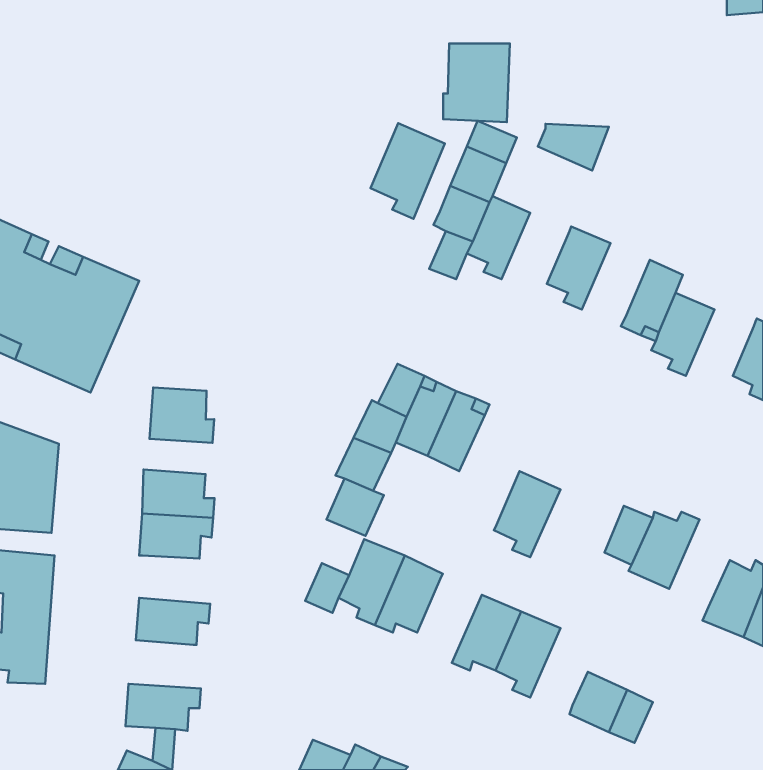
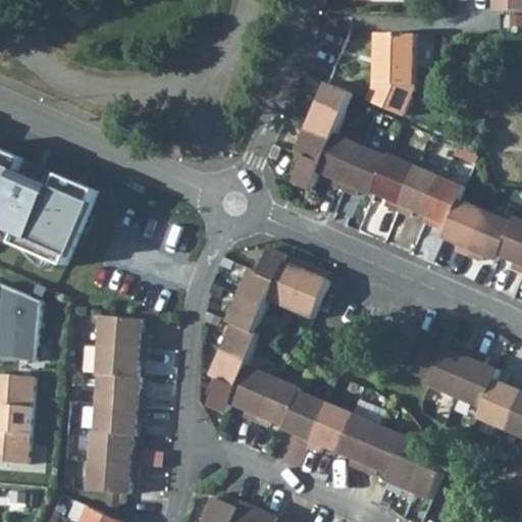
building: [443,44,510,122] -> [368,33,413,86]
building: [371,123,445,219] -> none
building: none -> [338,144,384,195]
building: none -> [393,164,438,214]
building: none -> [463,209,509,259]
building: [150,388,214,443] -> none
building: [494,471,560,557] -> [280,389,325,448]
building: none -> [209,351,247,388]
building: none -> [452,351,497,410]
building: none -> [94,375,143,408]
building: none -> [358,424,404,476]
building: none -> [87,432,136,465]

